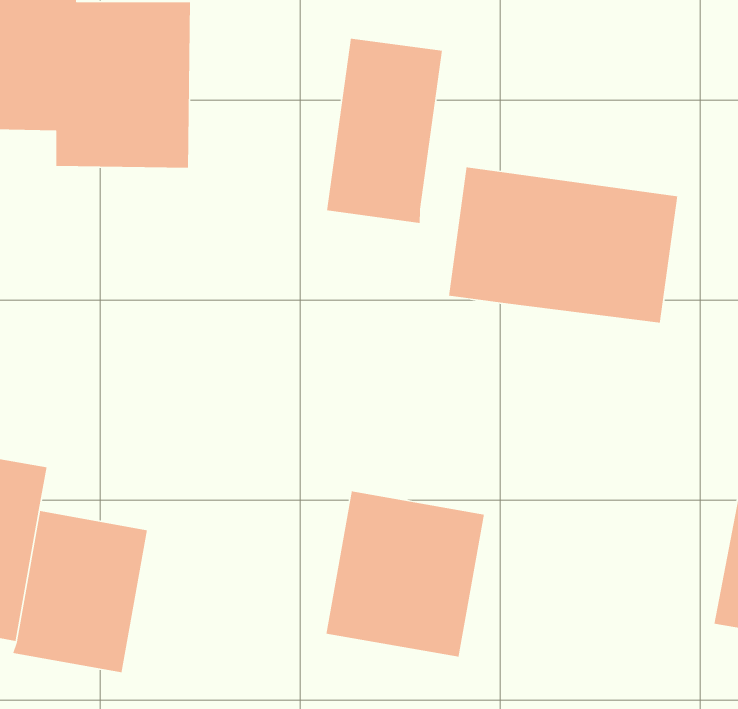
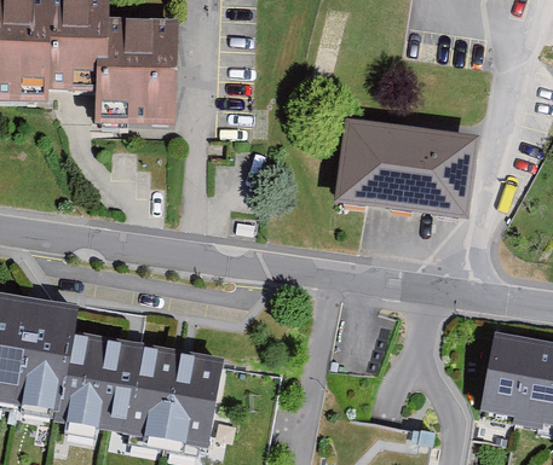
building: [326,38,443,224] -> none
building: [326,491,485,658] -> [127,344,225,447]

